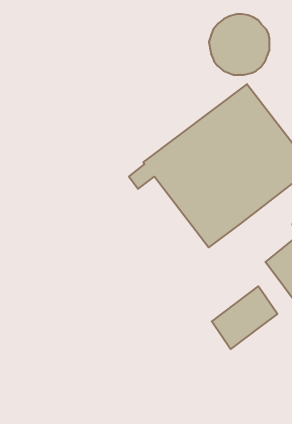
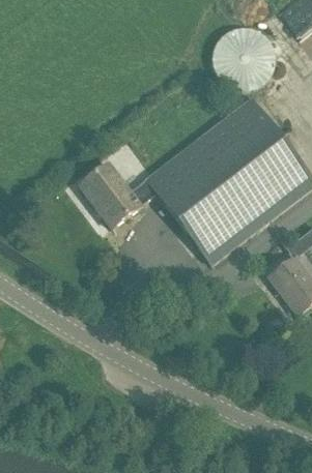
building: none -> [80,164,142,228]
building: [212,286,277,349] -> none

